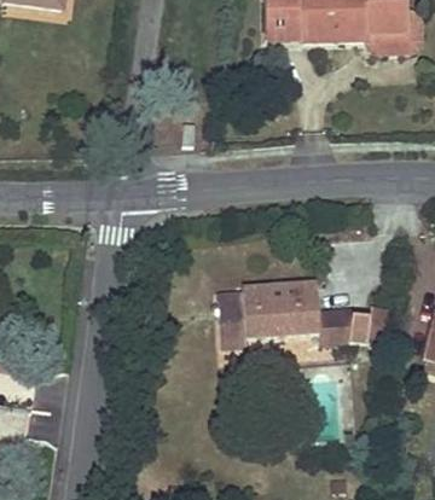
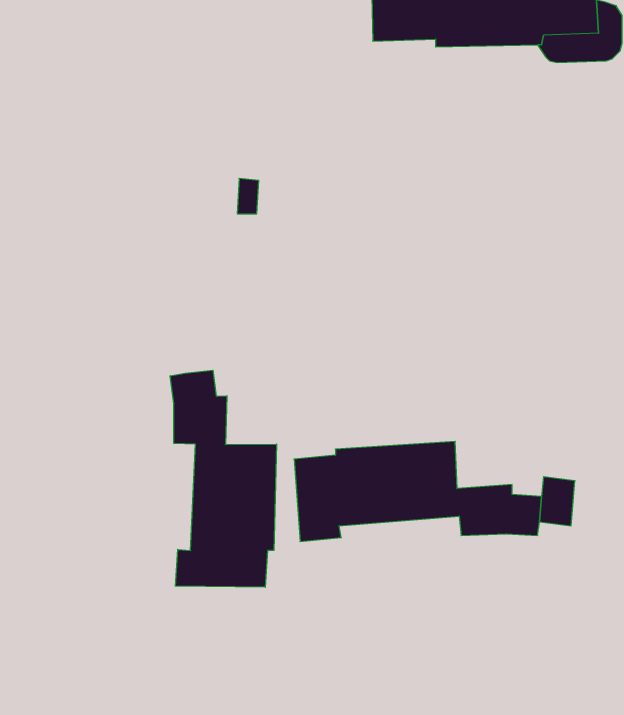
building: none -> [170,370,277,587]

